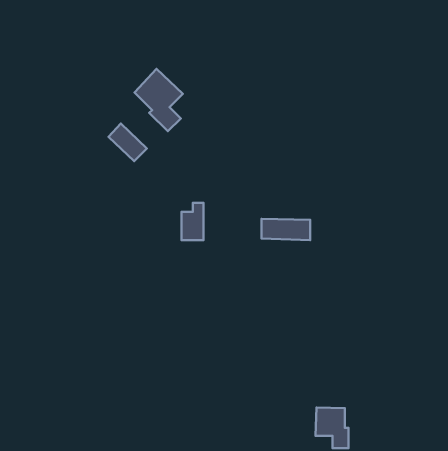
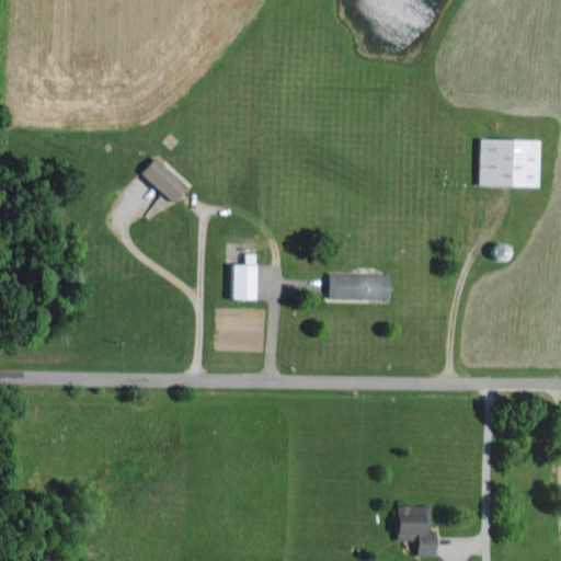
building: [134,69,183,131] -> none
building: none -> [479,138,540,187]

